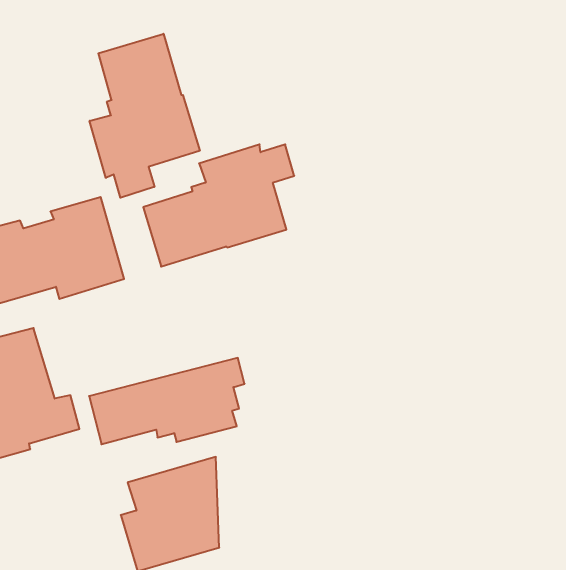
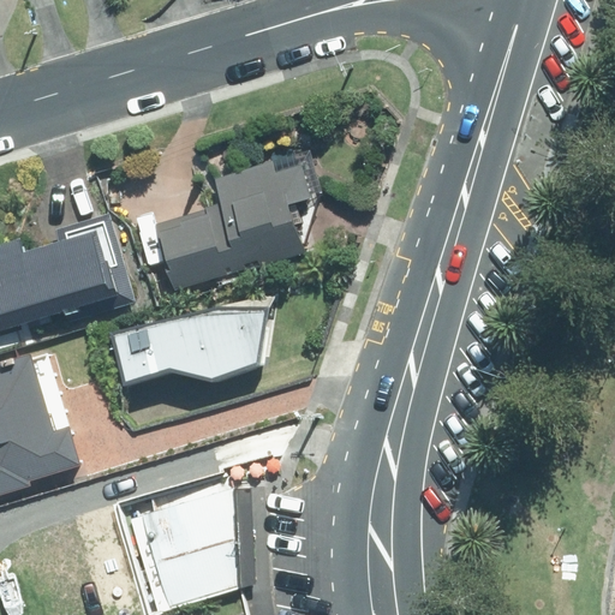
building: [90,34,200,198] -> none
building: [89,358,245,444] -> [108,295,275,388]

